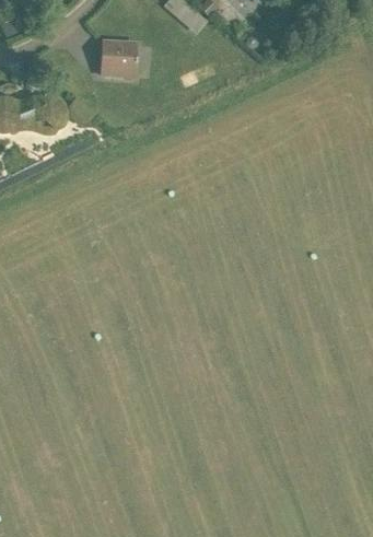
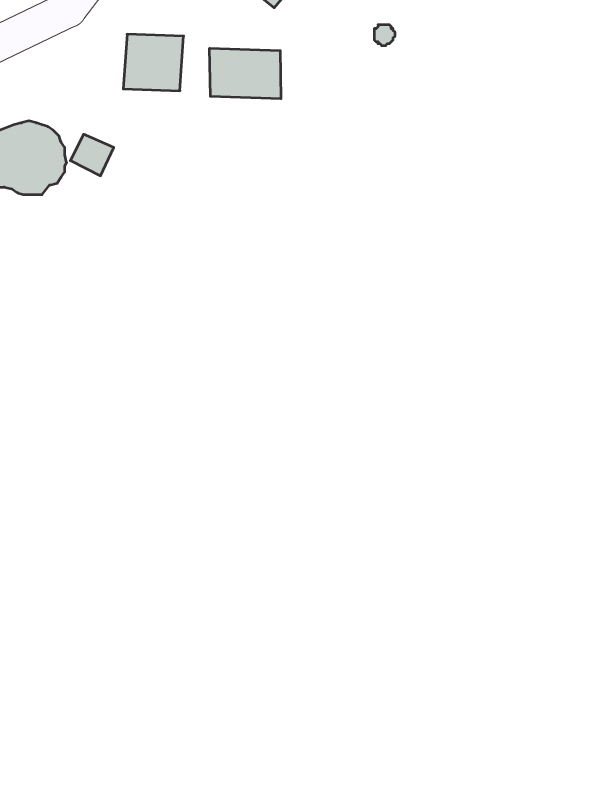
building: none -> [210,48,281,99]

